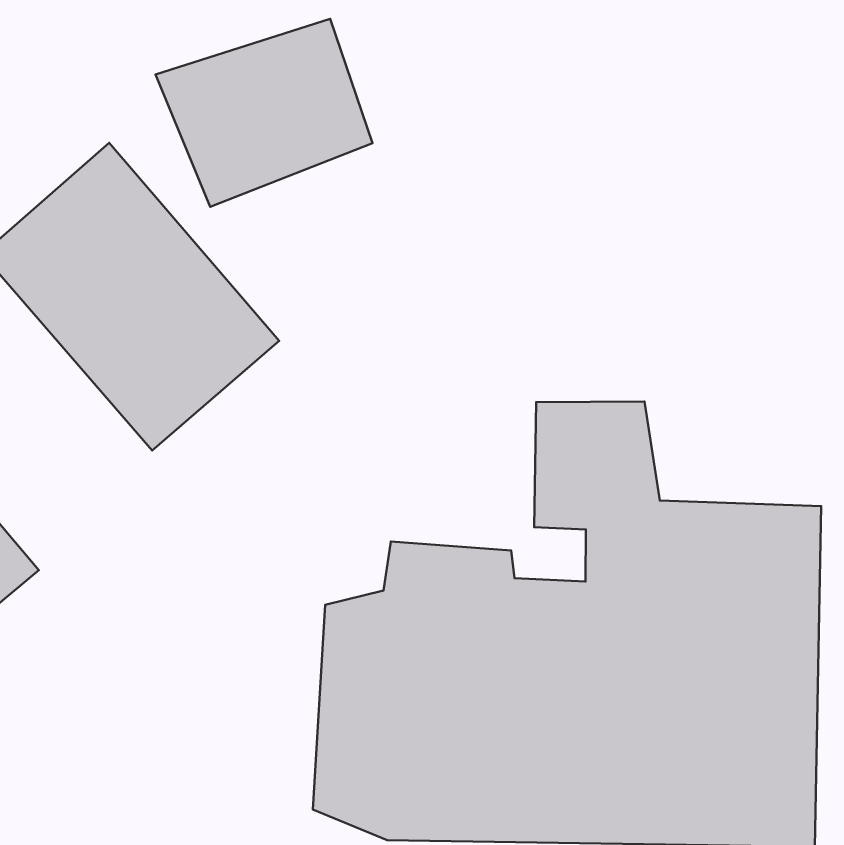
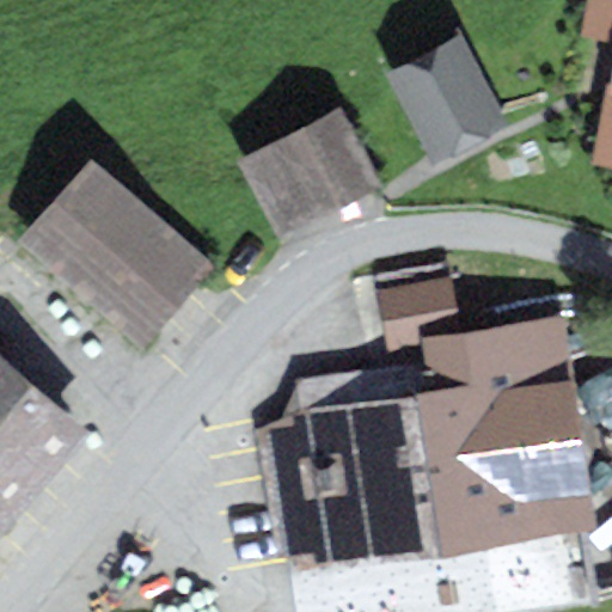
building: [155,19,373,207] -> [237,111,378,239]
building: none -> [387,33,509,164]

